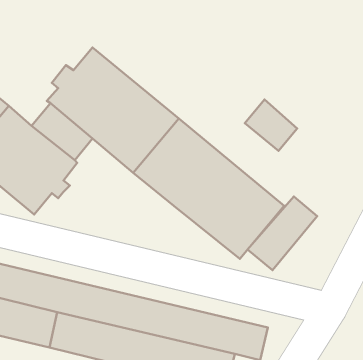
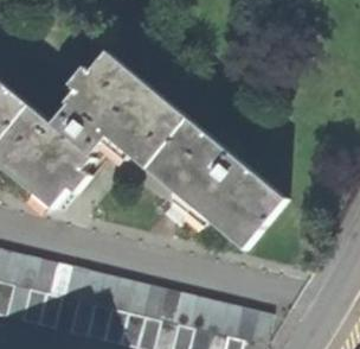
building: [245,100,297,151] -> none
building: [248,197,317,270] -> none

